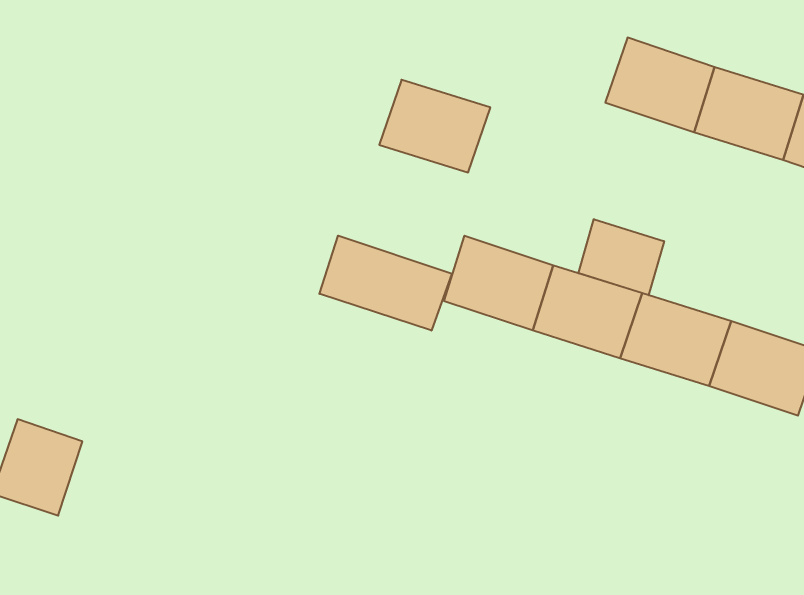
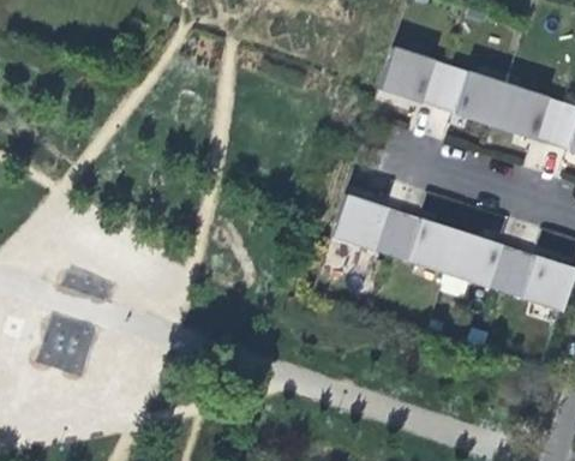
building: [379,80,490,172] -> [379,47,451,107]
building: [578,219,664,295] -> none
building: [319,236,452,331] -> none

